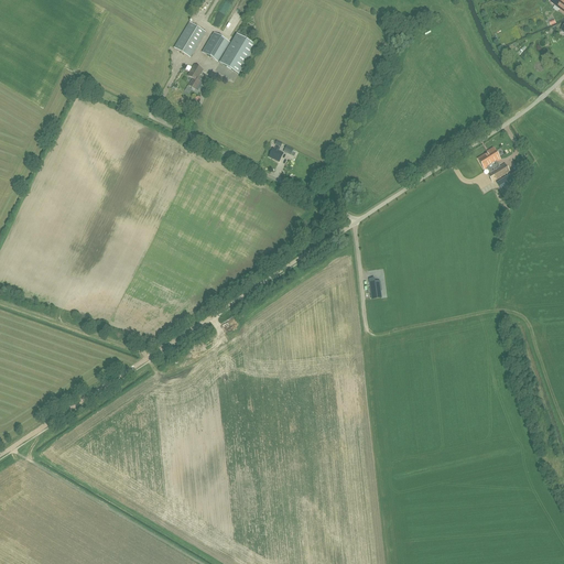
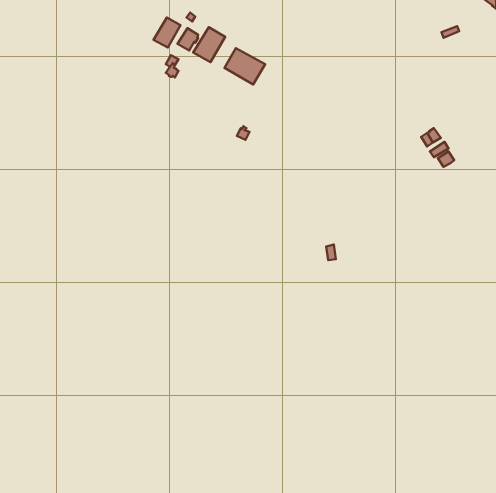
building: none -> [225,48,265,84]

